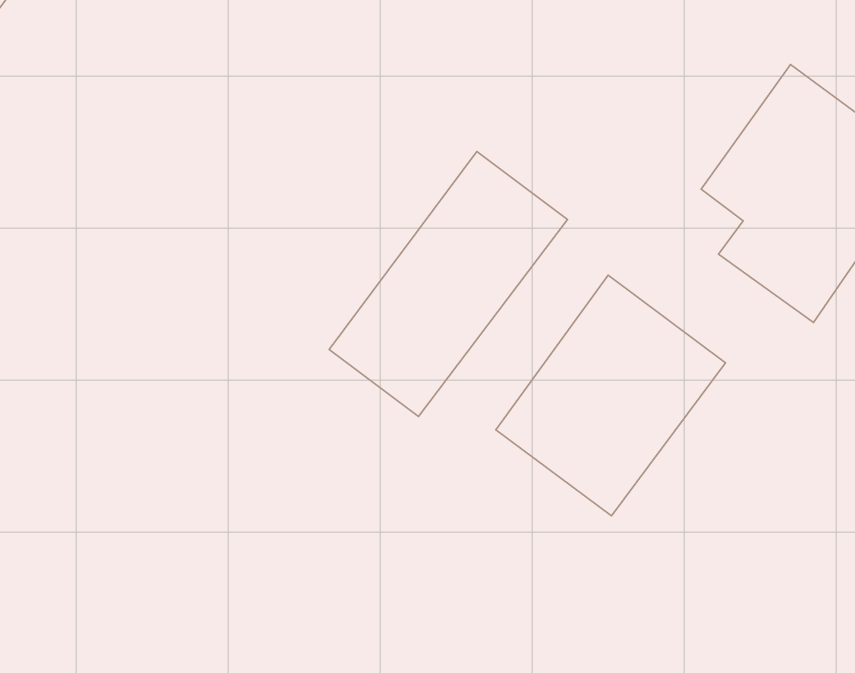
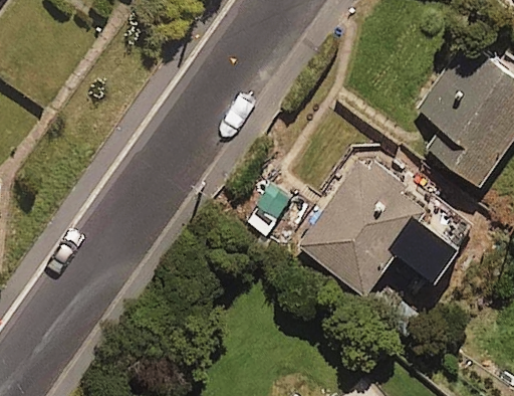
building: [329,152,568,416] -> none

